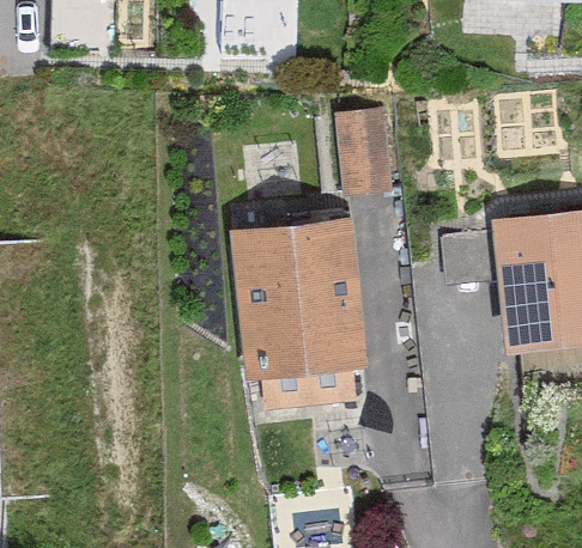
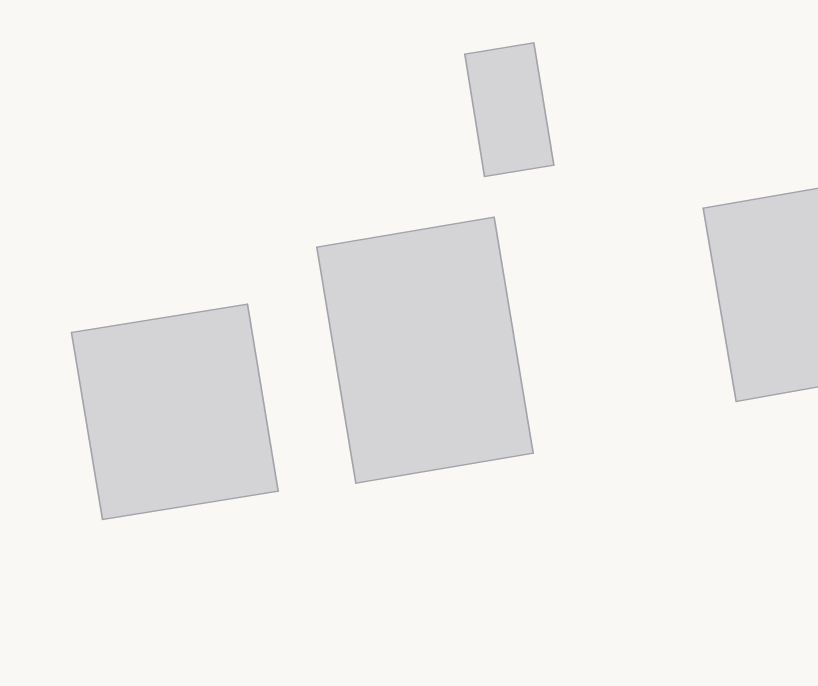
building: none -> [72,304,278,519]

